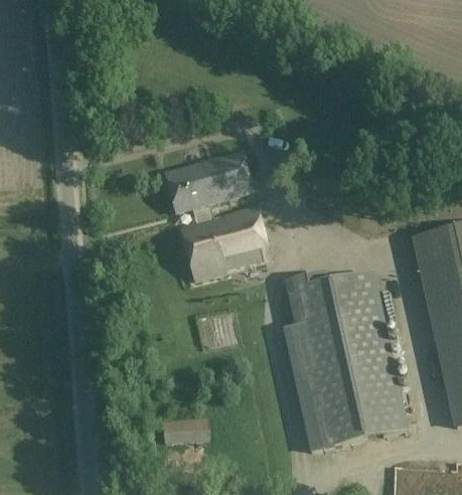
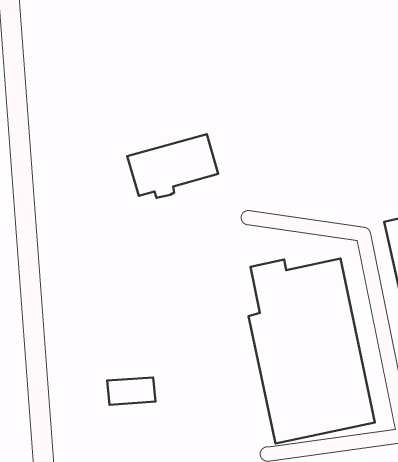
building: [182,207,271,280] -> none
building: [163,416,209,442] -> [107,378,155,405]

